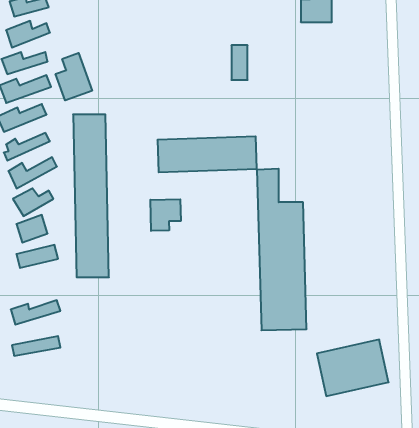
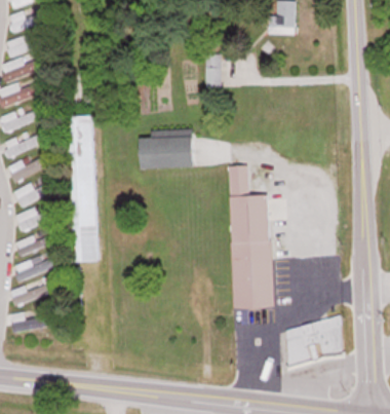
building: [56,53,92,100] -> none
building: [150,199,181,231] -> none
building: none -> [13,253,54,281]

